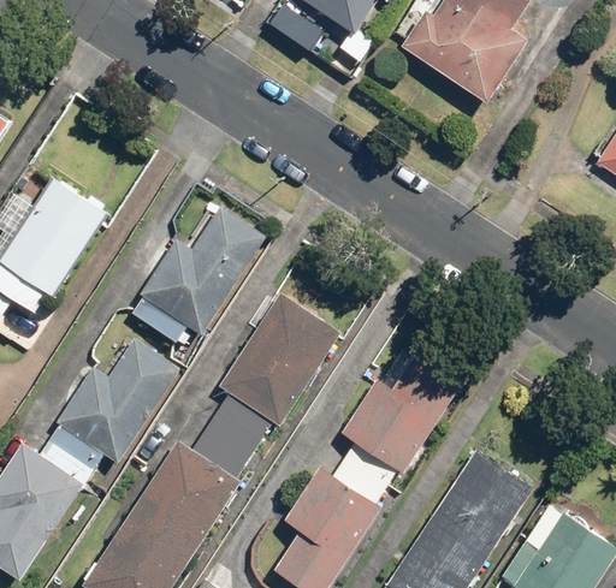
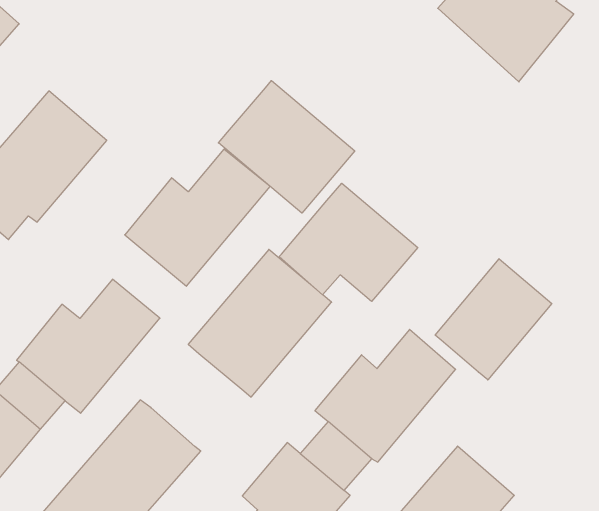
building: none -> [218,81,355,213]
building: none -> [279,183,418,301]
building: none -> [435,259,552,380]
building: [186,394,270,480] -> none

